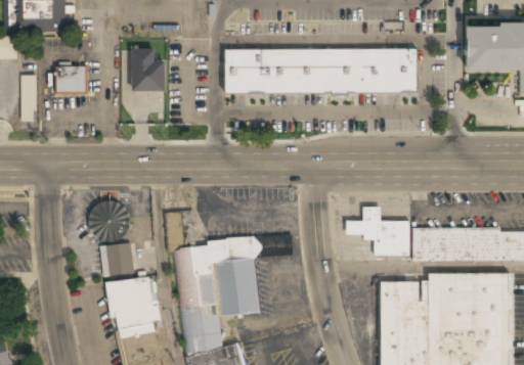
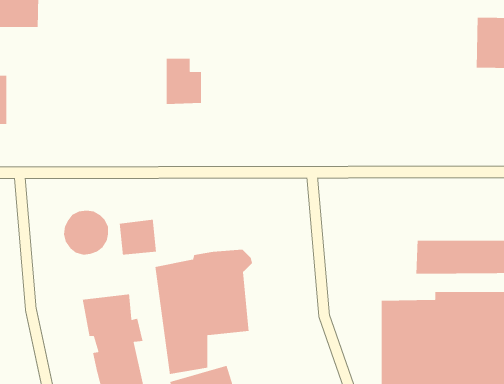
building: [132,48,165,91] -> [166,58,202,105]
building: [226,50,418,94] -> none
building: [58,67,86,92] -> none
building: [347,208,411,257] -> none
building: [99,241,134,275] -> [119,219,157,256]

